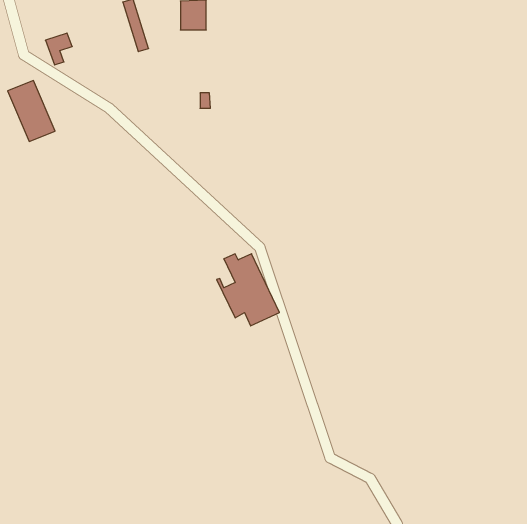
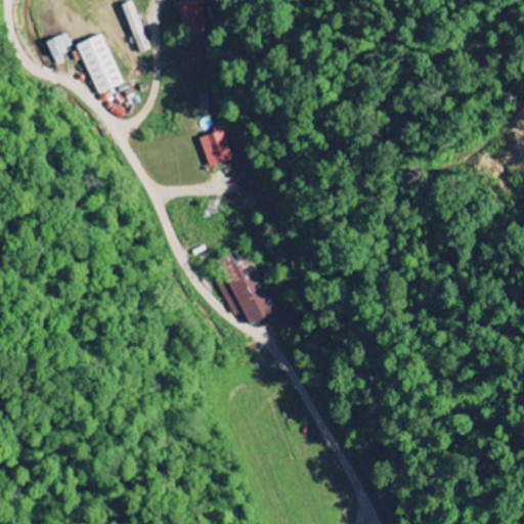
building: [8,81,55,141] -> [76,33,123,93]
building: none -> [200,130,230,165]

